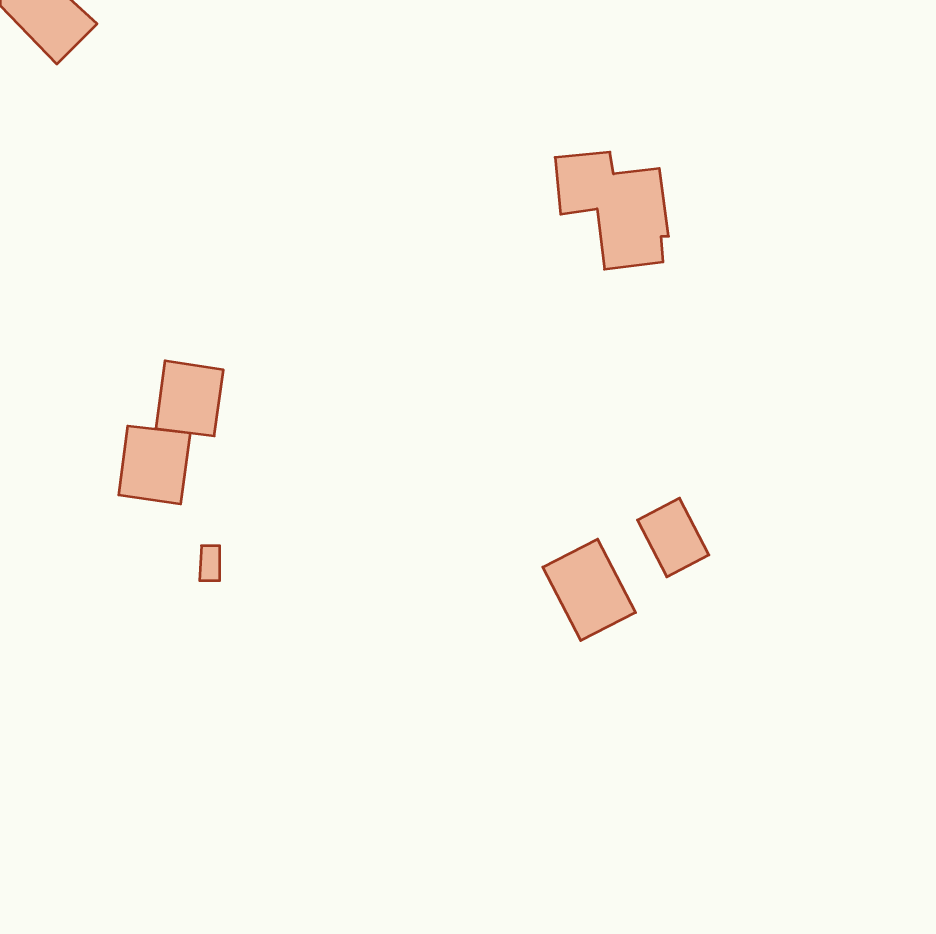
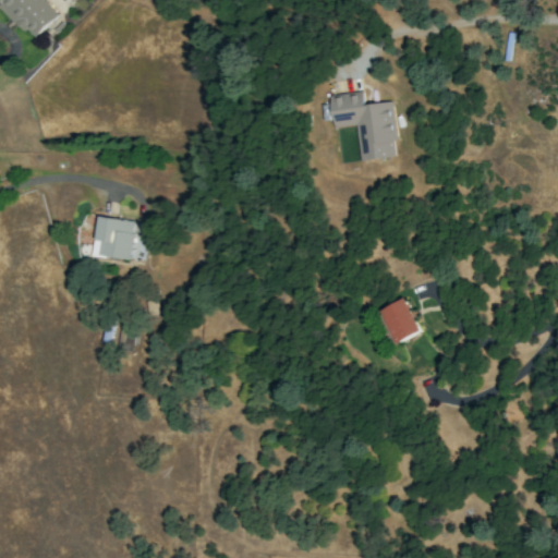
building: [119,426,190,504] -> none
building: [543,539,636,641] -> none

